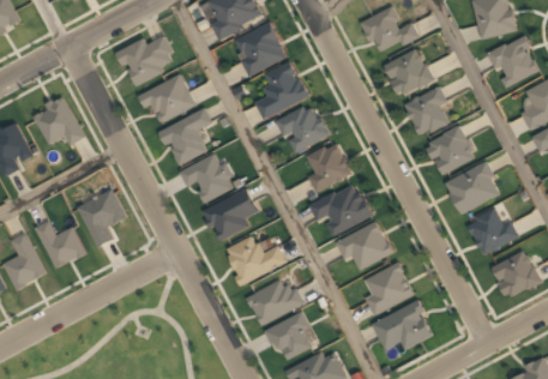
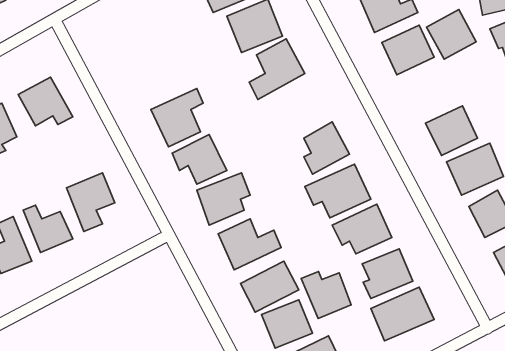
building: [118,37,176,85] -> none
building: [141,74,195,124] -> none
building: [403,88,451,136] -> [427,10,476,59]
building: [276,103,329,152] -> none
building: none -> [301,272,351,319]

